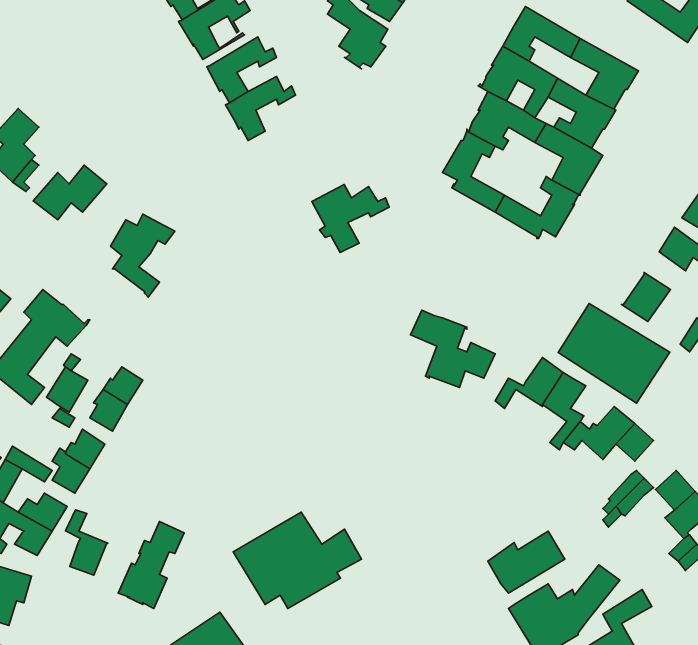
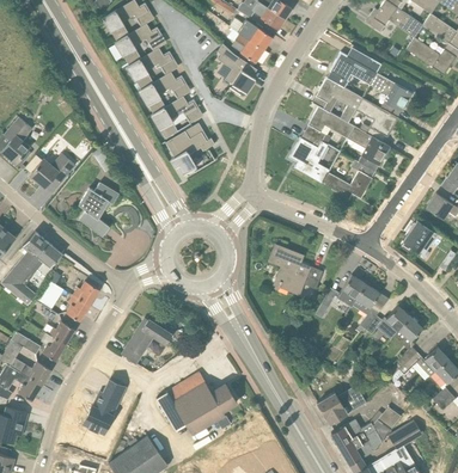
building: [312,185,389,253] -> [164,131,213,174]
building: [558,303,670,403] -> none
building: none -> [122,319,172,363]
building: [66,510,108,575] -> none

